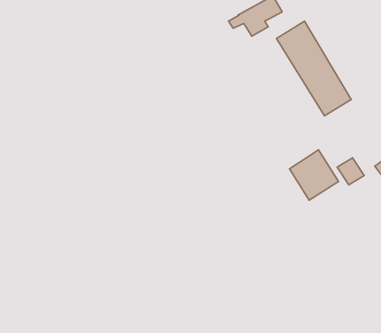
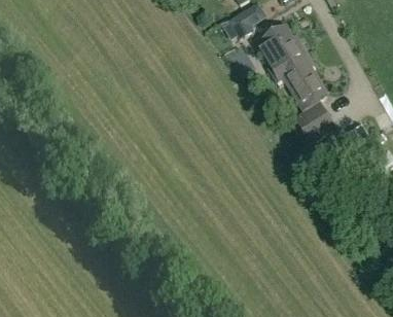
building: [289,150,338,200] -> [294,101,337,145]

